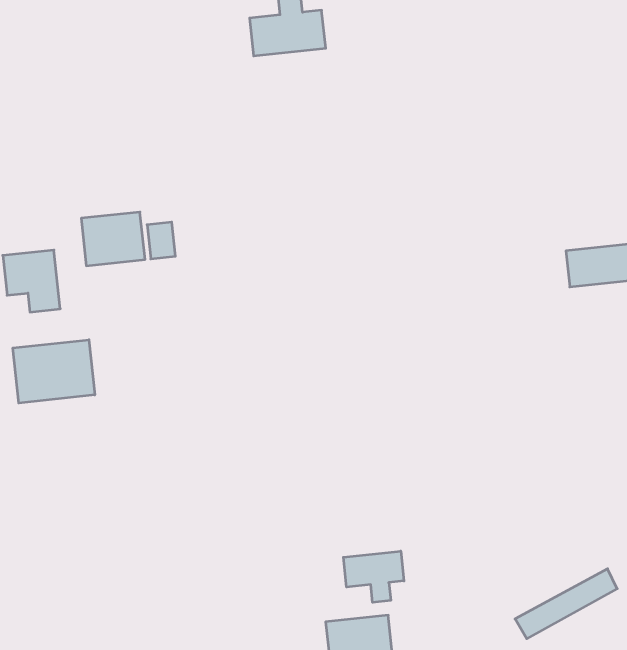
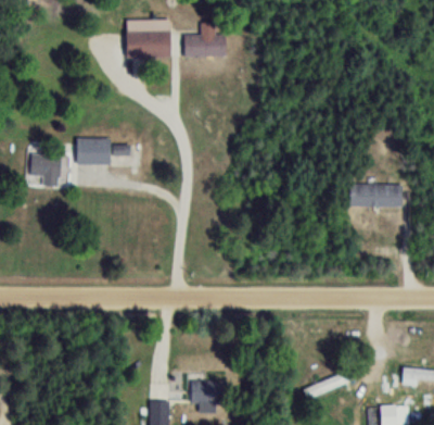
building: none -> [125,30,170,58]
building: [13,340,95,403] -> none
building: [343,551,404,602] -> none

